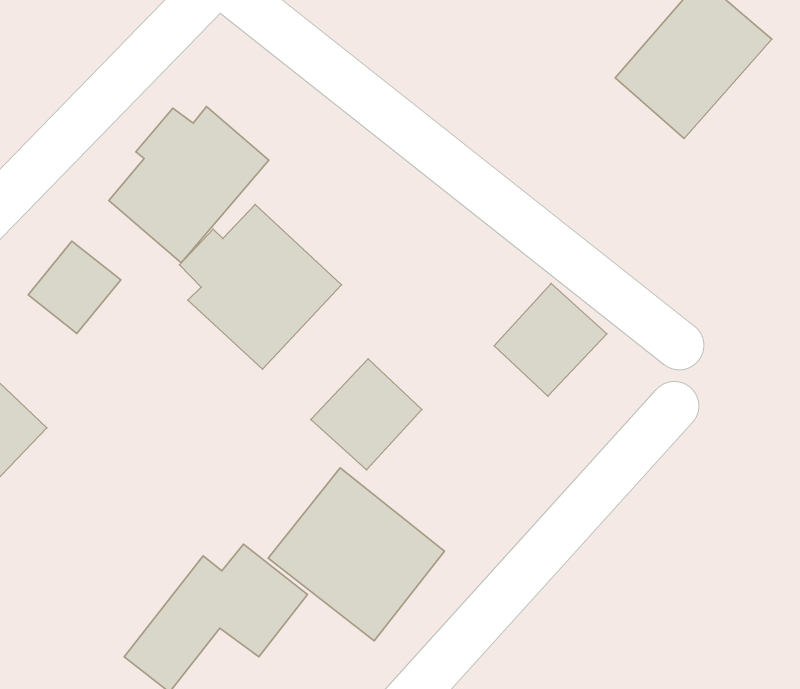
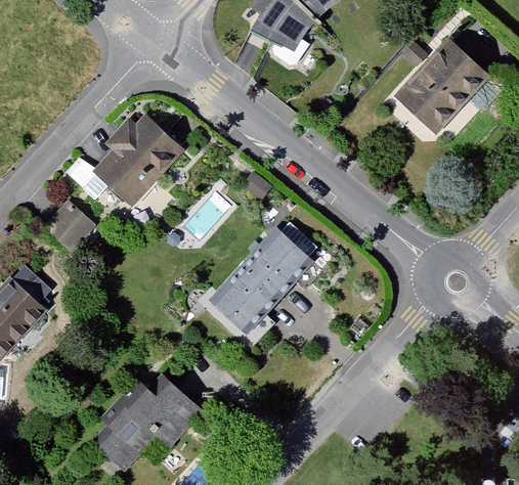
building: [179,204,342,369] -> none
building: [494,283,607,396] -> [244,230,312,299]
building: [268,468,444,641] -> none

